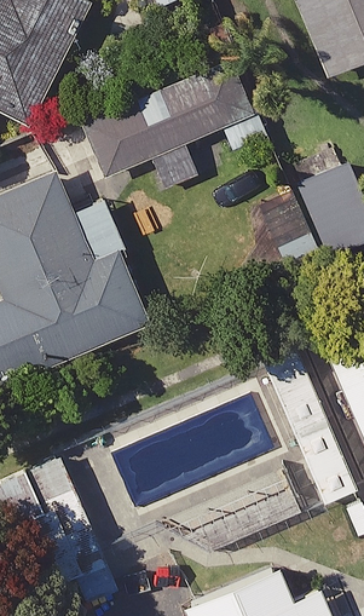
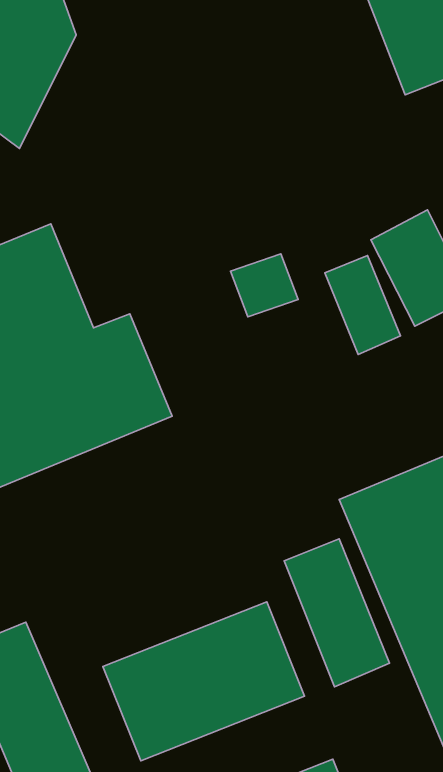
building: [82,58,262,168] -> none

